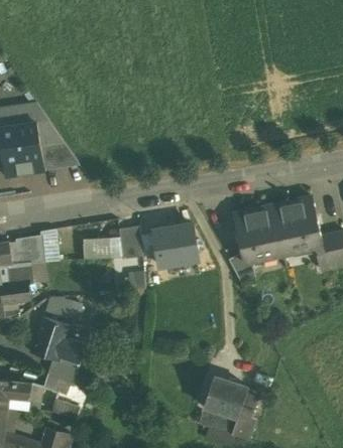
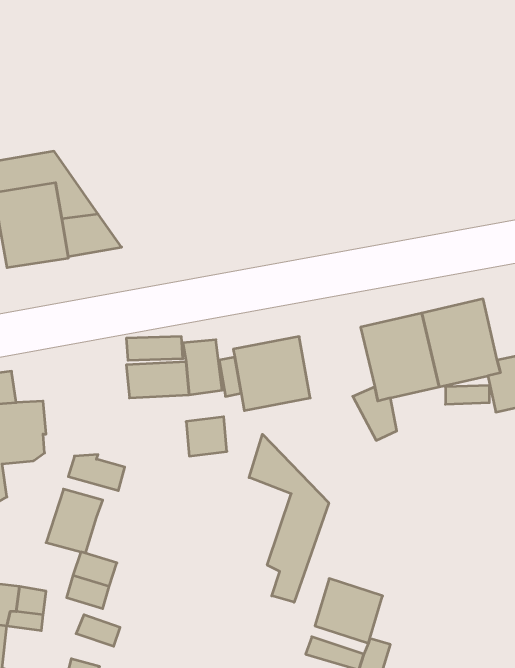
building: [9,235,45,263] -> none
building: none -> [249,434,329,602]
building: [56,336,87,366] -> none

